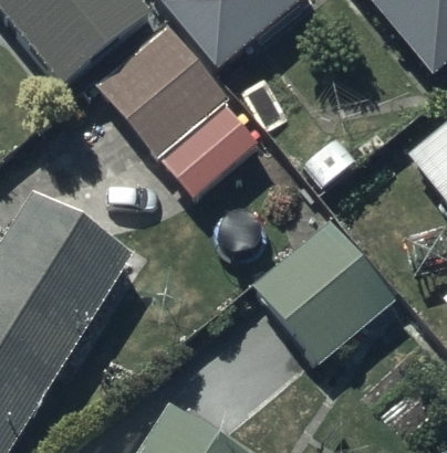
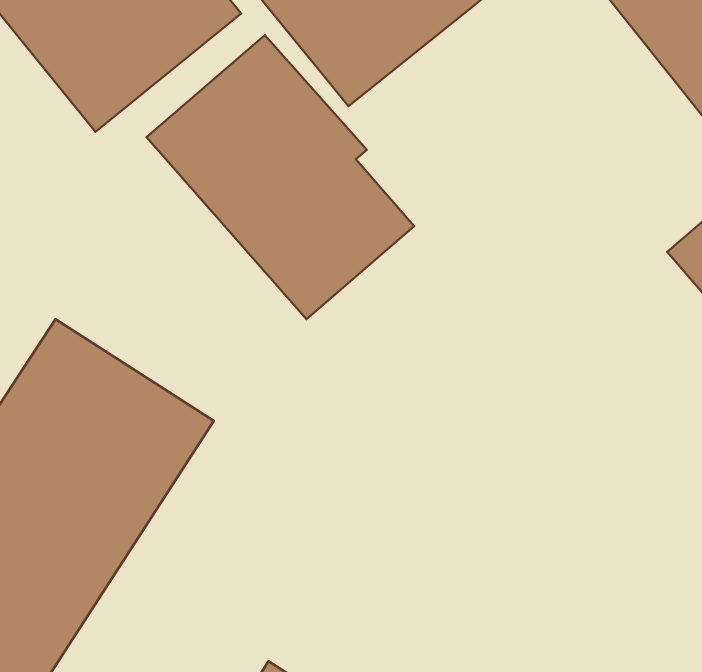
building: [253,221,394,360] -> none

